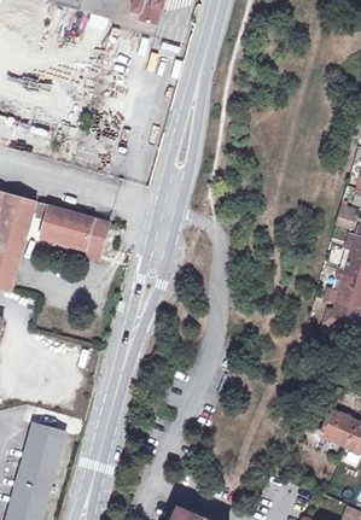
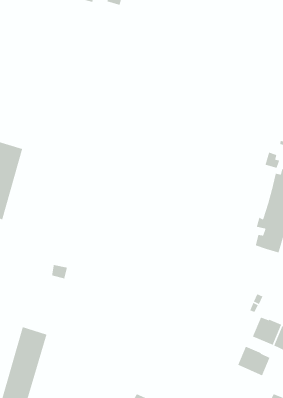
building: [34,203,109,259] -> none
building: none -> [237,346,270,376]

